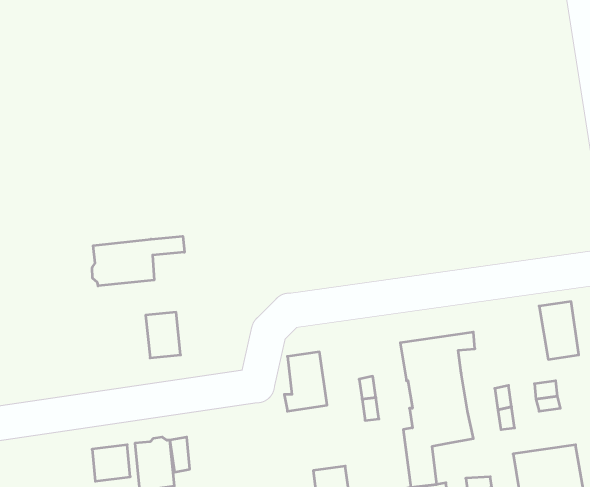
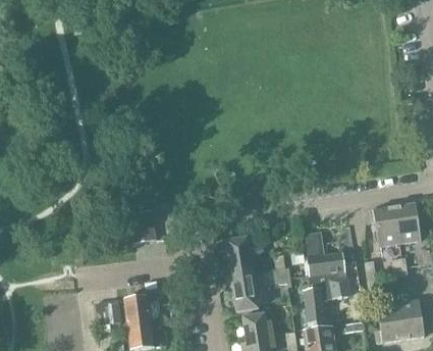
building: [92,236,184,286] -> none
building: none -> [368,206,400,245]
building: none -> [226,270,268,311]

